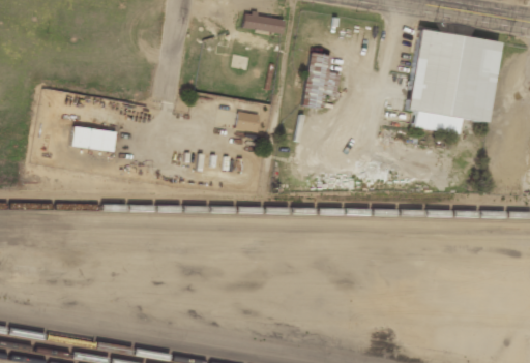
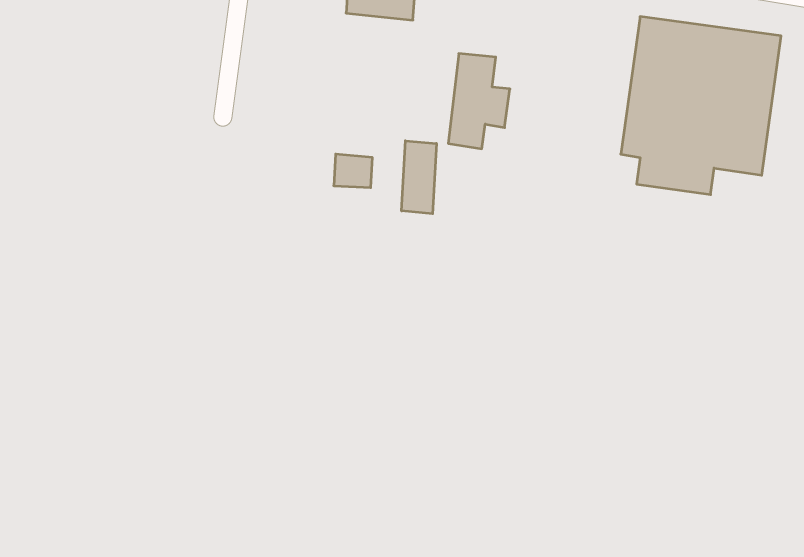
building: none -> [402,141,436,214]
building: [73,124,118,151] -> none

